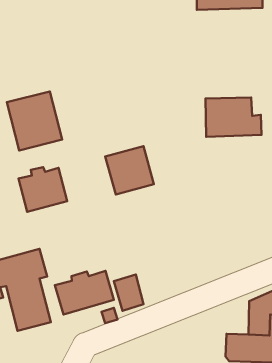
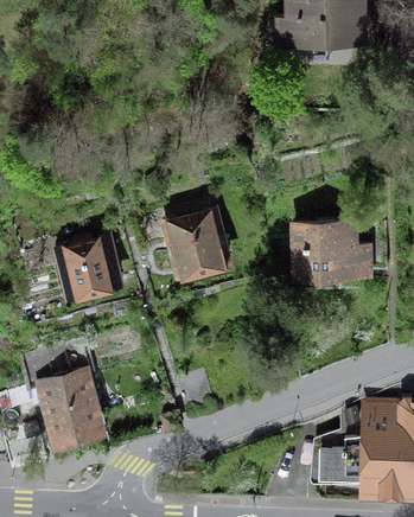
building: [7,91,62,150] -> none
building: [205,98,262,137] -> [298,226,368,275]
building: [55,271,114,314] -> none

